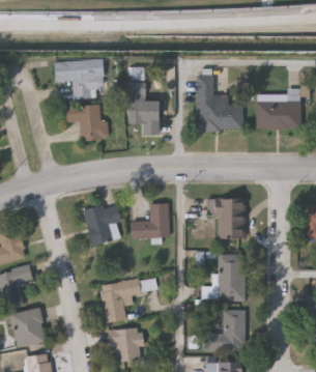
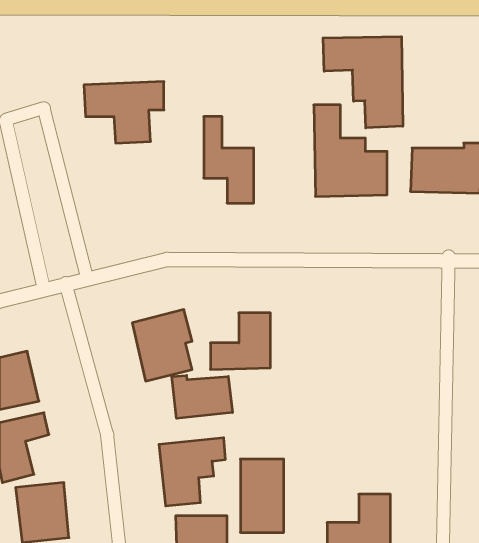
building: none -> [323,37,403,128]
building: [64,104,107,140] -> none
building: [207,198,245,238] -> none
building: none -> [172,375,232,418]
building: [217,254,243,299] -> [240,459,284,532]

